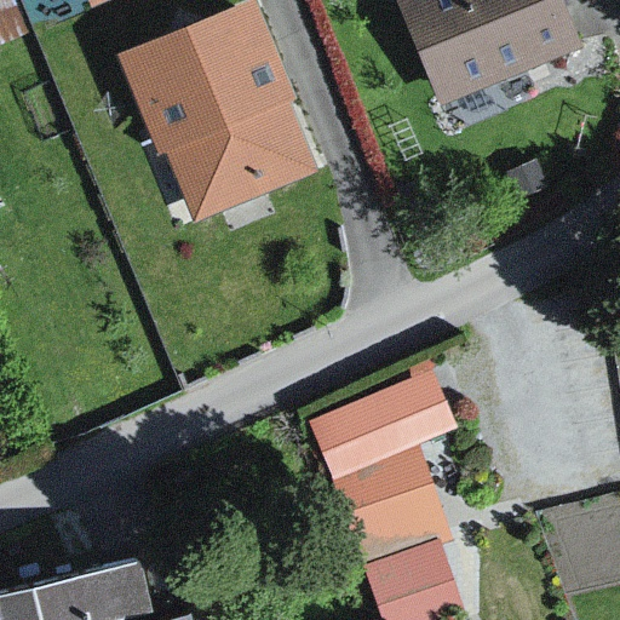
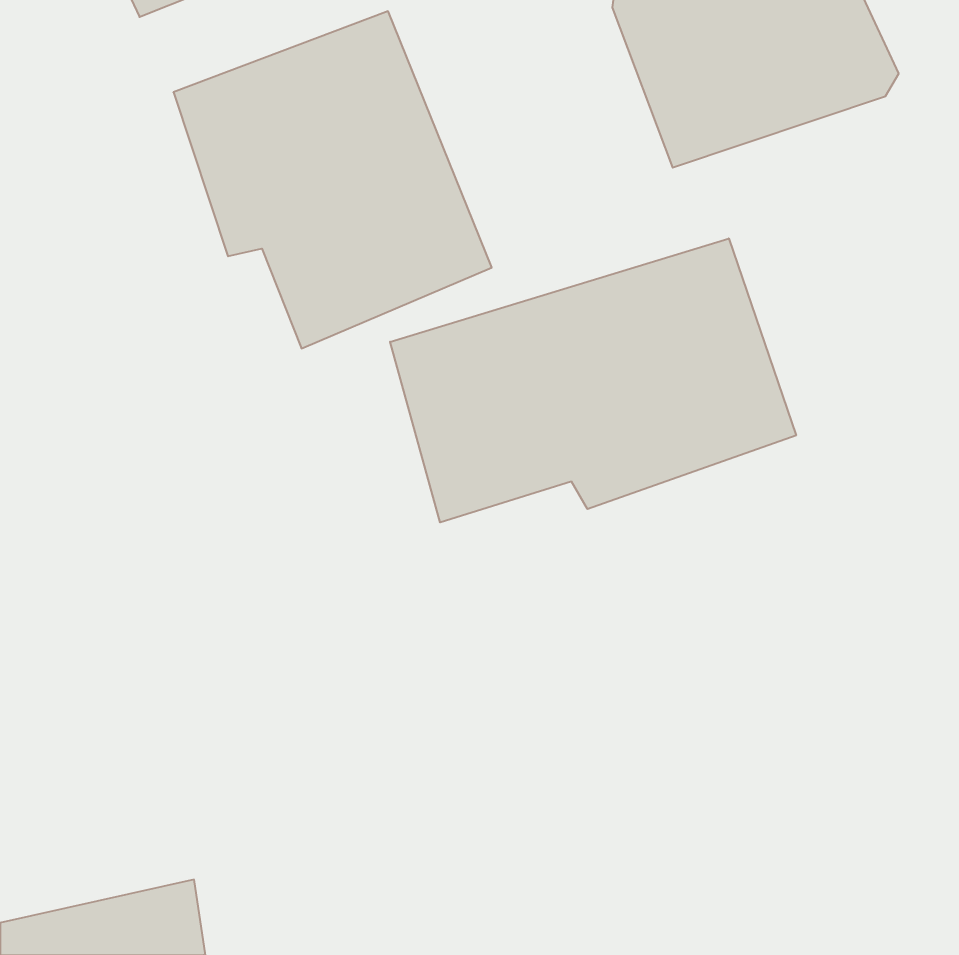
building: none -> [390,238,796,522]
building: [315,349,471,589] -> none

